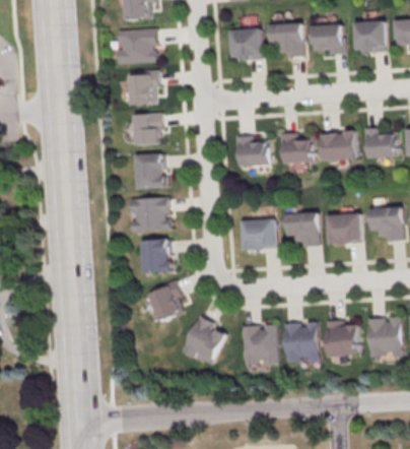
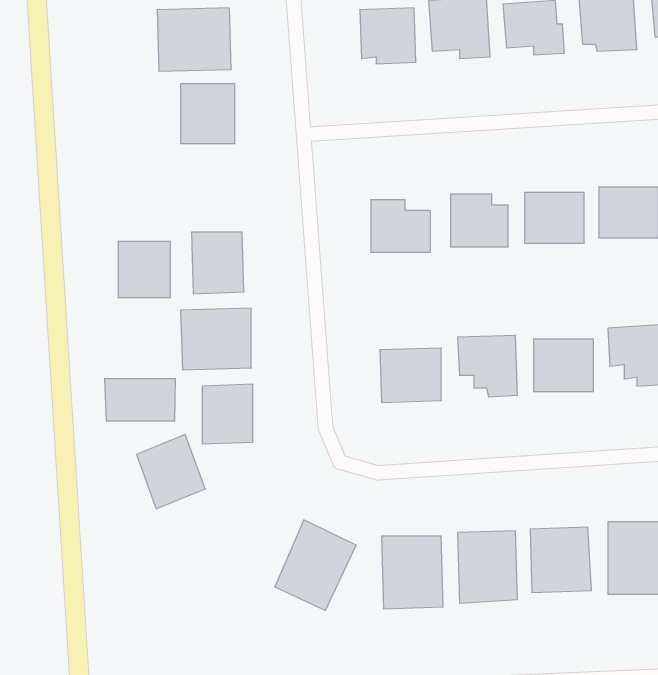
building: [132,114,161,145] -> [118,241,171,297]
building: none -> [105,378,175,421]
building: [147,281,186,323] -> [136,435,205,509]

